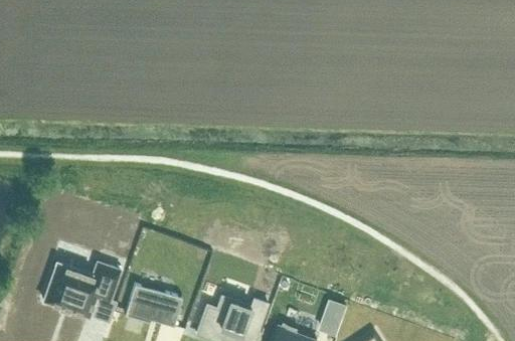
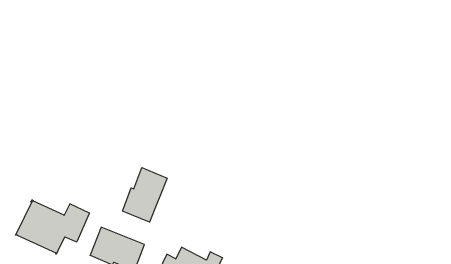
building: none -> [122,168,167,222]

